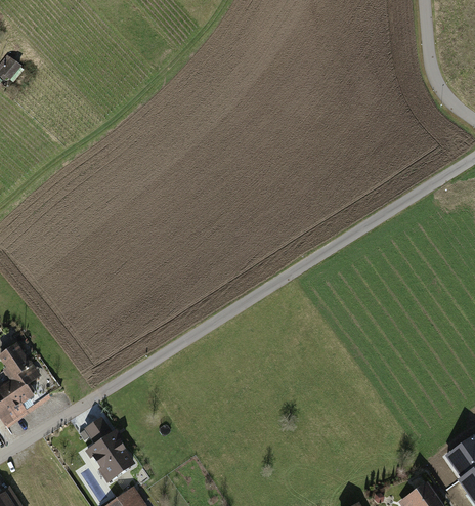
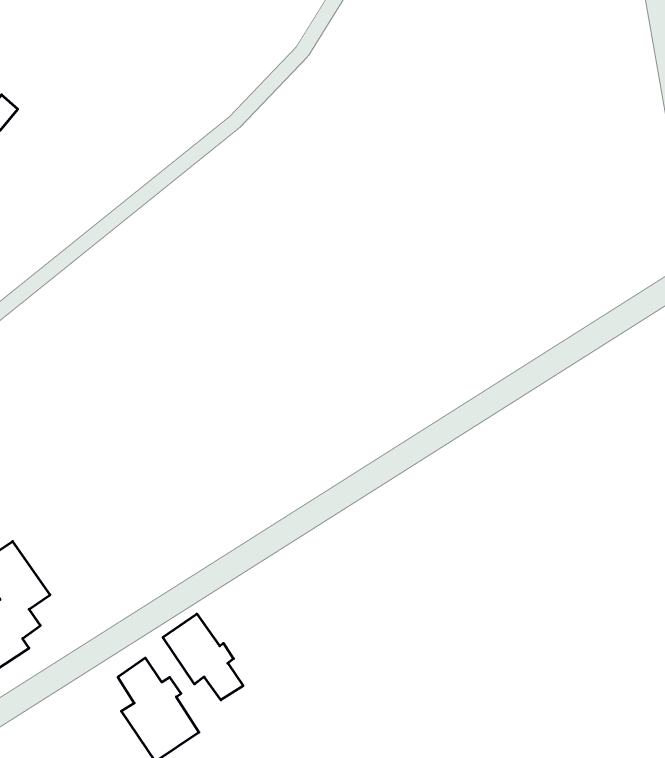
building: none -> [163,614,243,700]

